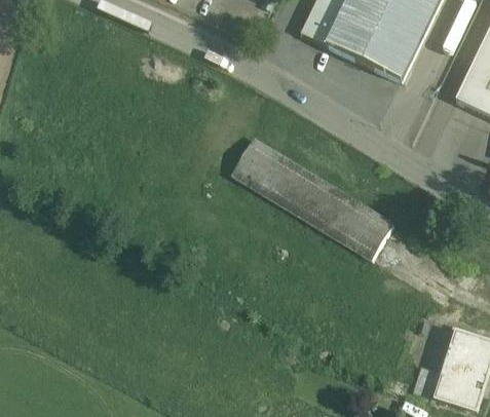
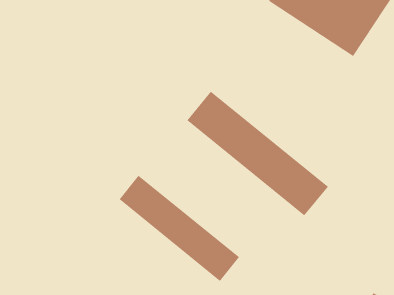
building: none -> [119,175,240,282]

